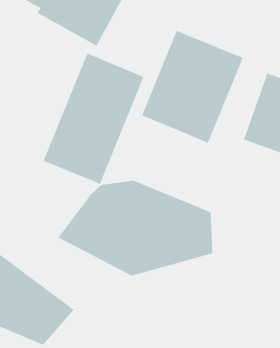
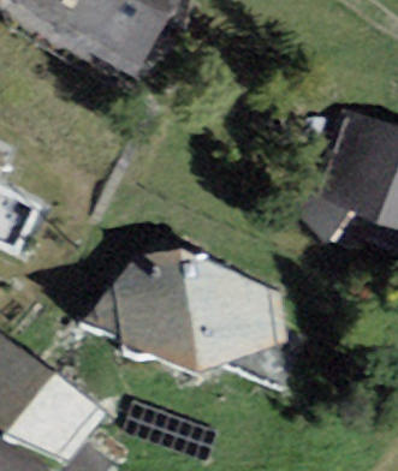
building: [141,30,243,144] -> none
building: [43,53,144,185] -> none

